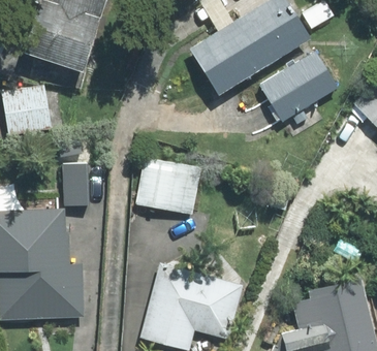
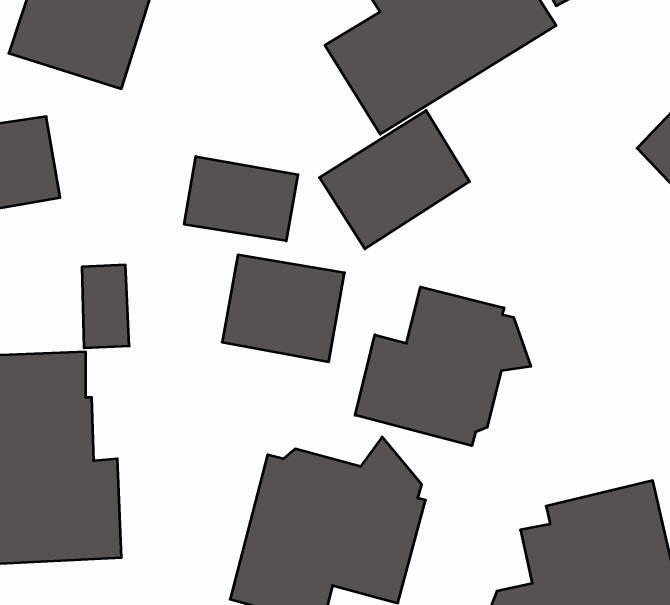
building: [259,50,338,122] -> [319,110,470,249]
building: none -> [184,156,298,241]
building: none -> [355,287,531,446]

